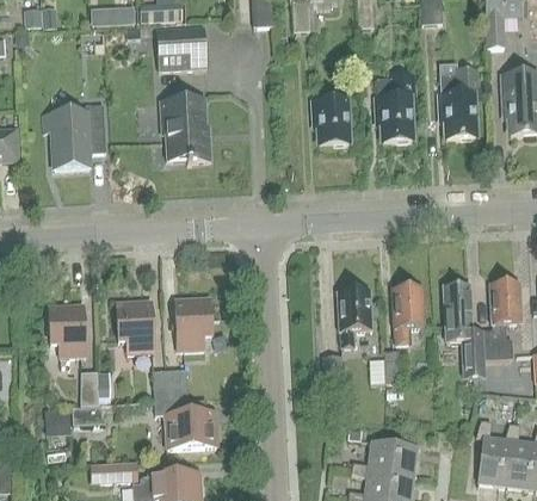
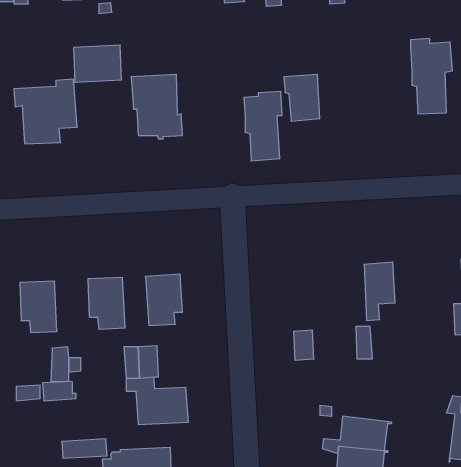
building: [158,32,205,69] -> [74,45,121,82]
building: [376,72,414,141] -> [244,92,282,161]
building: [443,283,484,377] -> none
building: [338,286,370,346] -> none

